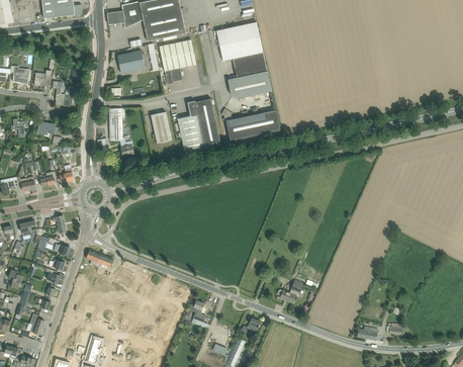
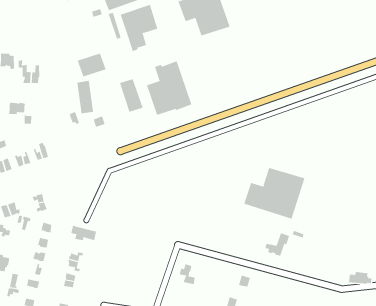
building: [116,51,145,73] -> [77,53,106,77]
building: [227,71,272,99] -> none
building: [220,108,280,141] -> none
building: none -> [243,167,305,220]

